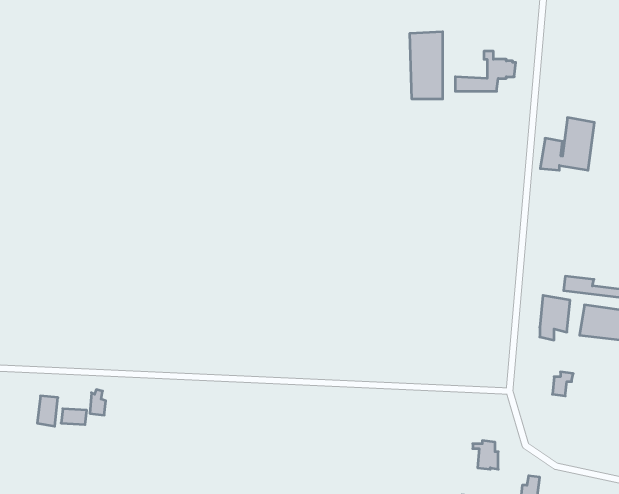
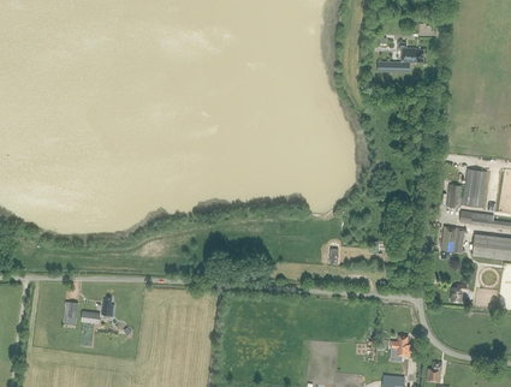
building: [410,32,443,99] -> none
building: [540,118,594,170] -> [446,168,487,208]

